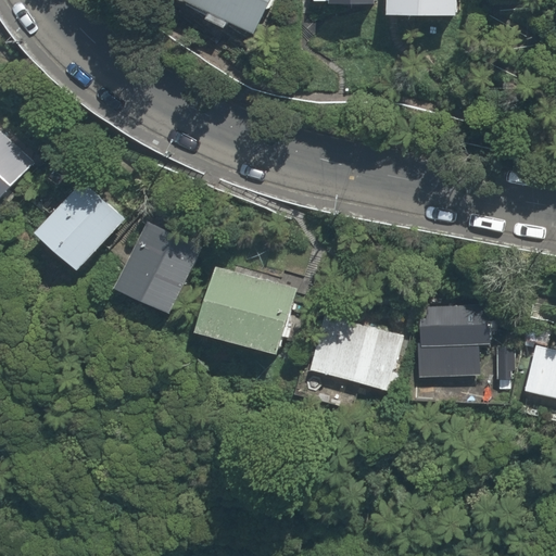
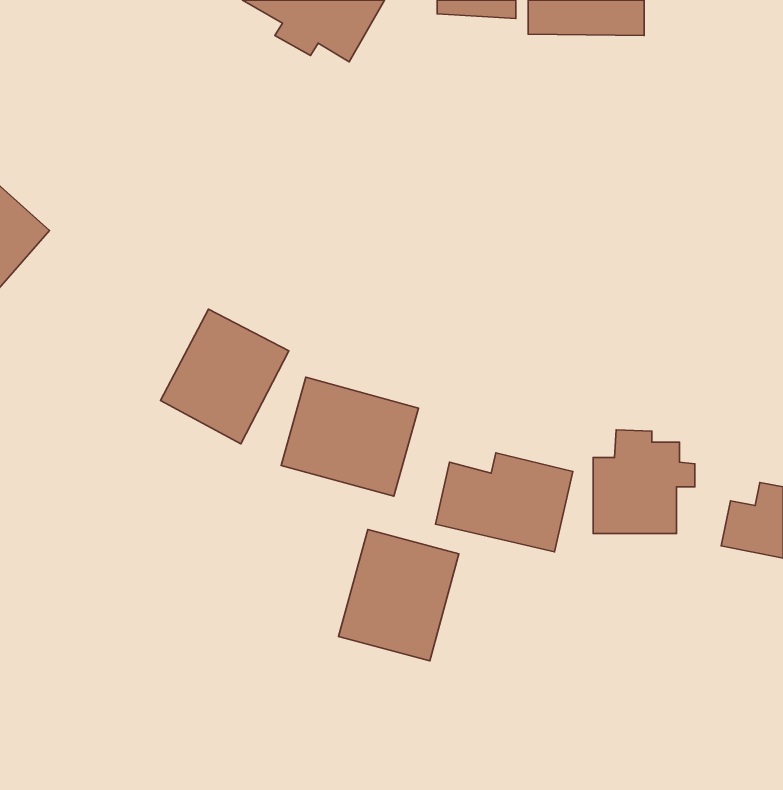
building: [39,190,123,265] -> none
building: none -> [339,529,459,661]

